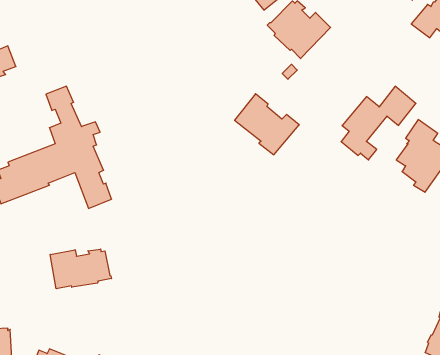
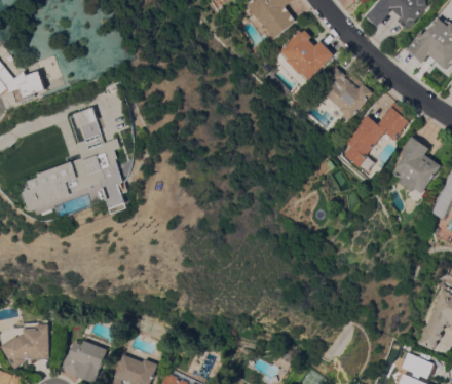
building: [235,94,299,155] -> [315,66,373,120]
building: [50,249,111,289] -> none

